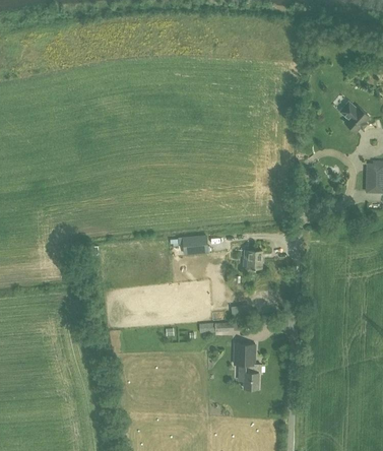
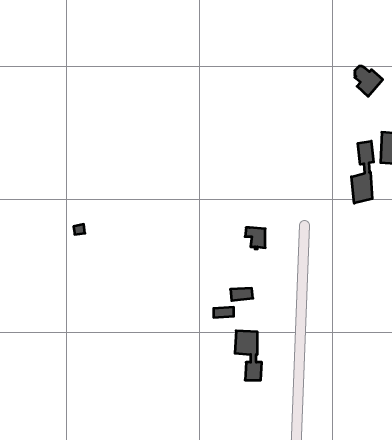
building: none -> [351,141,374,203]
building: [181,235,207,255] -> none

